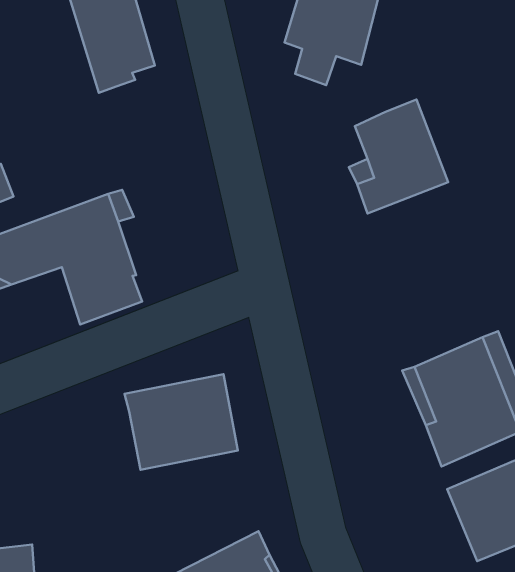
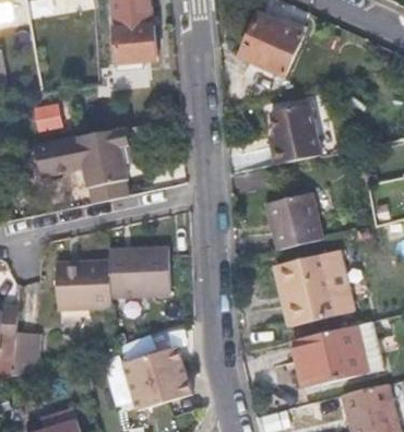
building: none -> [270,193,326,249]
building: none -> [56,261,111,308]

